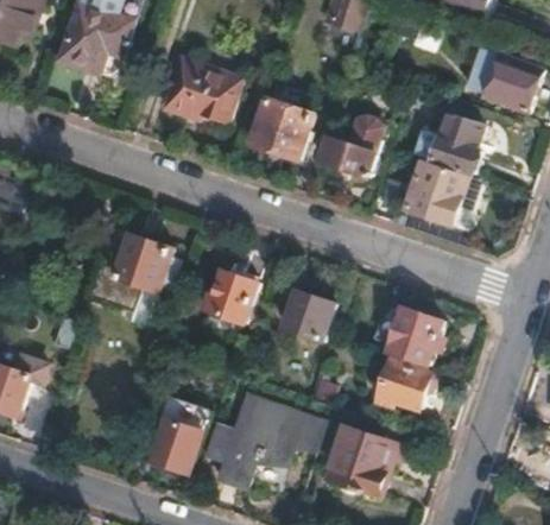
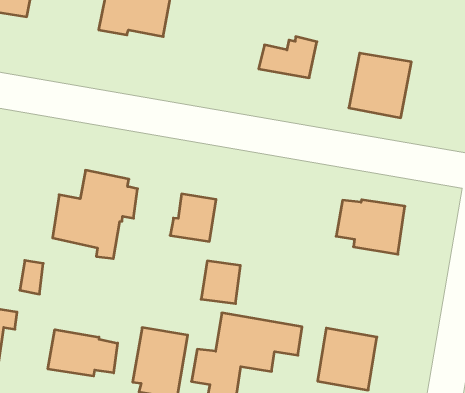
building: [251,99,314,160] -> none
building: [431,119,486,173] -> none
building: [285,292,329,339] -> [201,261,240,304]
building: [371,360,434,410] -> none
building: none -> [48,330,118,376]

